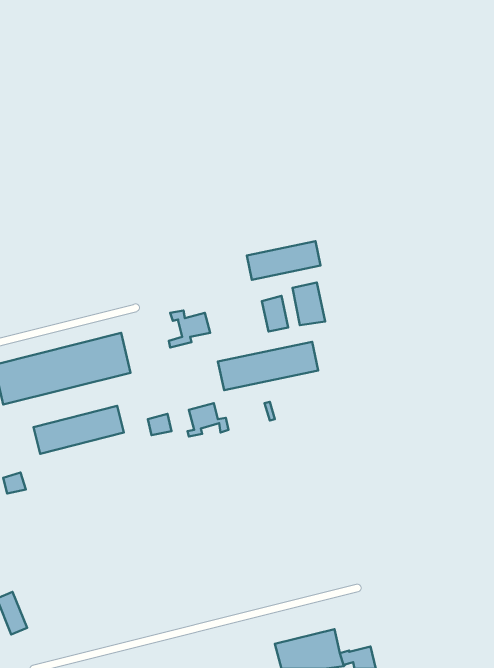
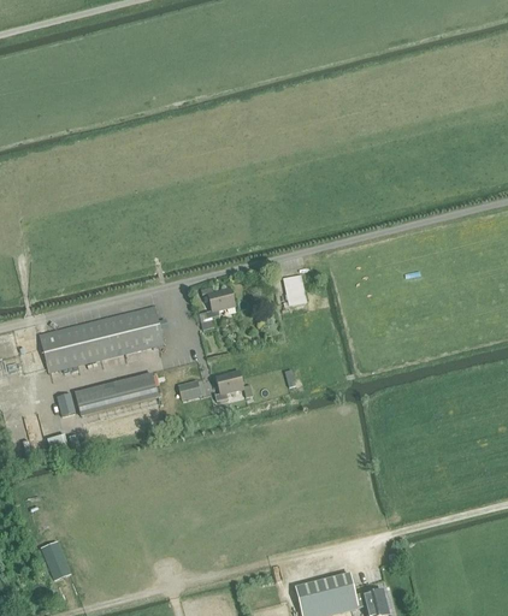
building: [247,241,321,280] -> none
building: [293,283,325,325] -> none
building: [218,342,318,390] -> none

